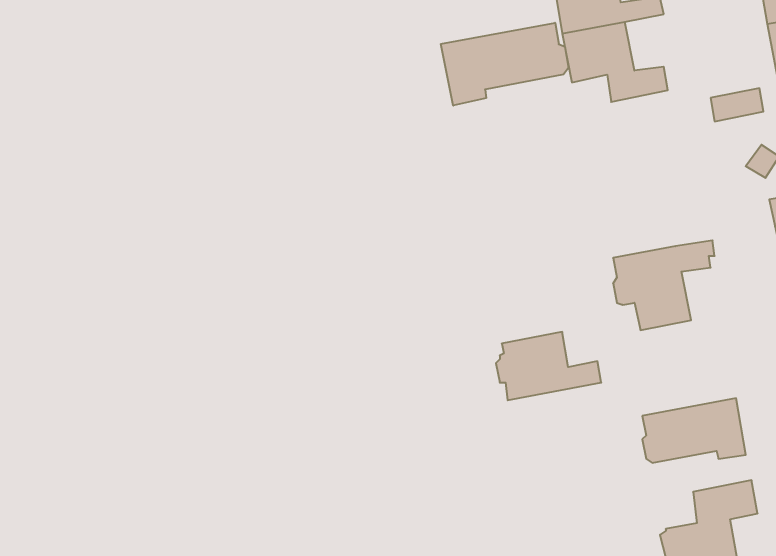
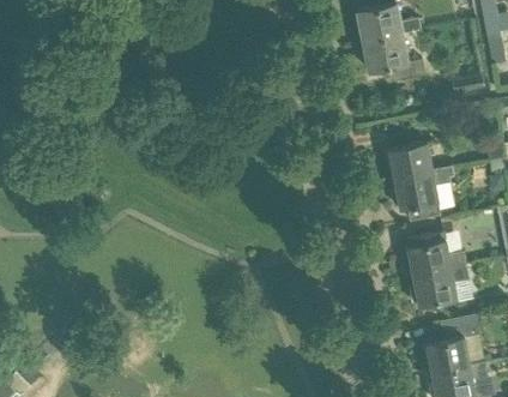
building: [441,23,568,106] -> none
building: none -> [383,140,430,178]
building: [496,332,601,400] -> [403,233,467,275]

